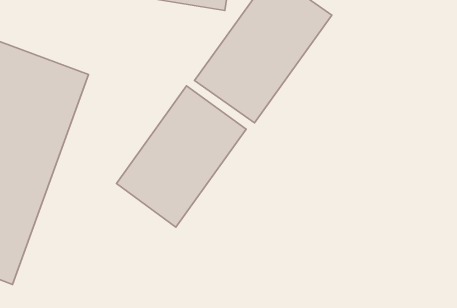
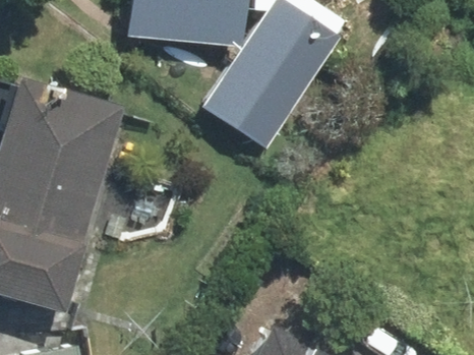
building: [116,86,246,227] -> none

